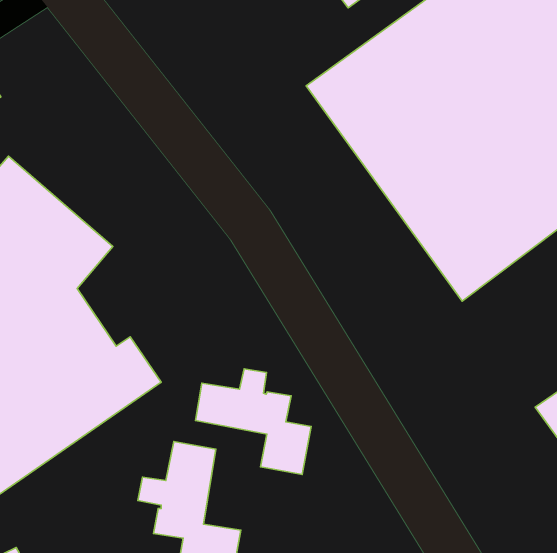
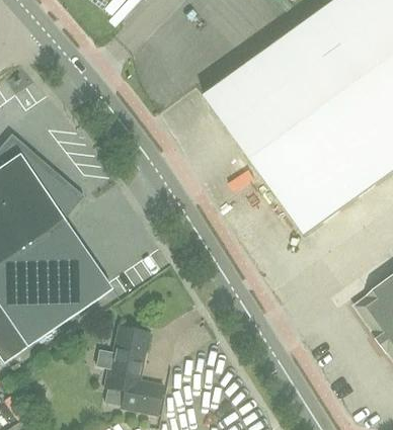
building: [195,369,311,474] -> none

